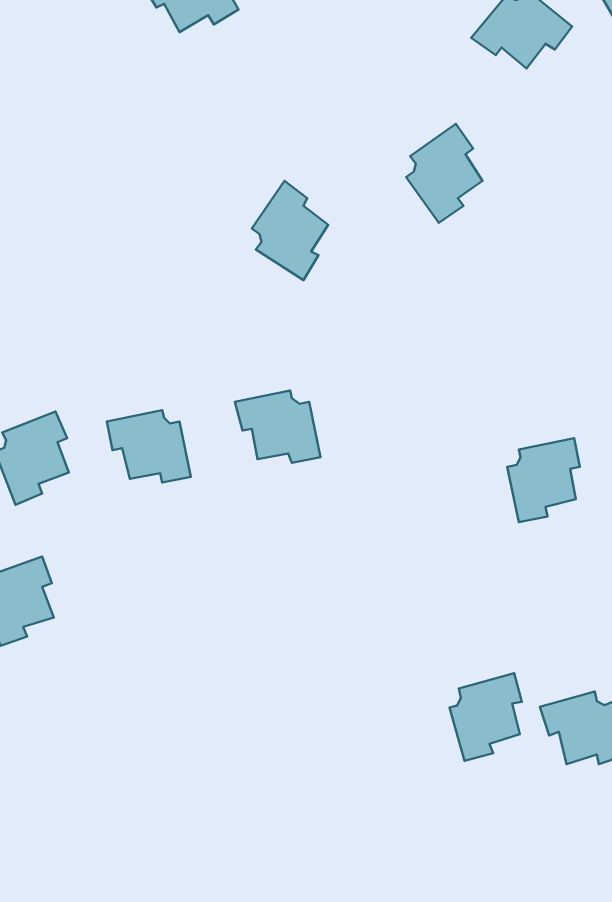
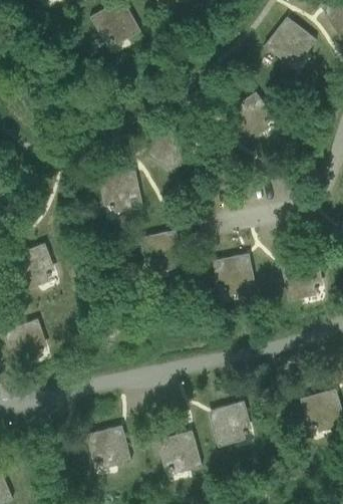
building: [107,410,191,483] -> [98,173,142,211]
building: none -> [212,255,256,293]
building: [449,673,522,761] -> [210,401,248,447]
building: none -> [85,428,131,466]
building: none -> [155,433,202,471]

